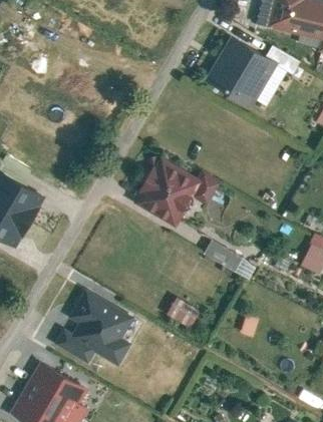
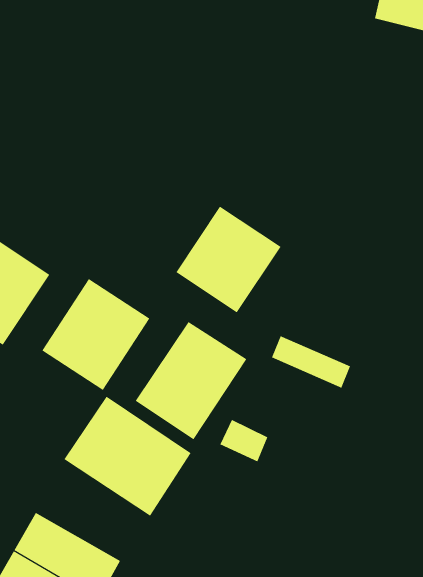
building: [204,36,276,107] -> none
building: none -> [41,278,150,391]
building: none -> [135,321,247,440]

